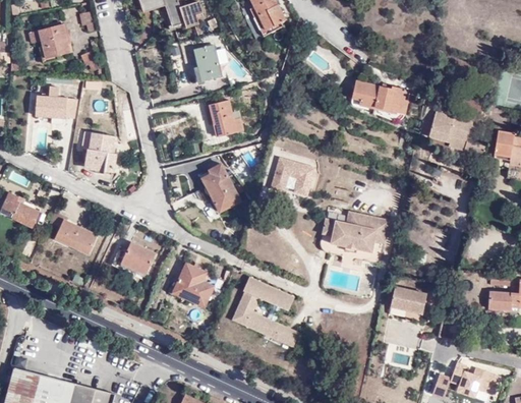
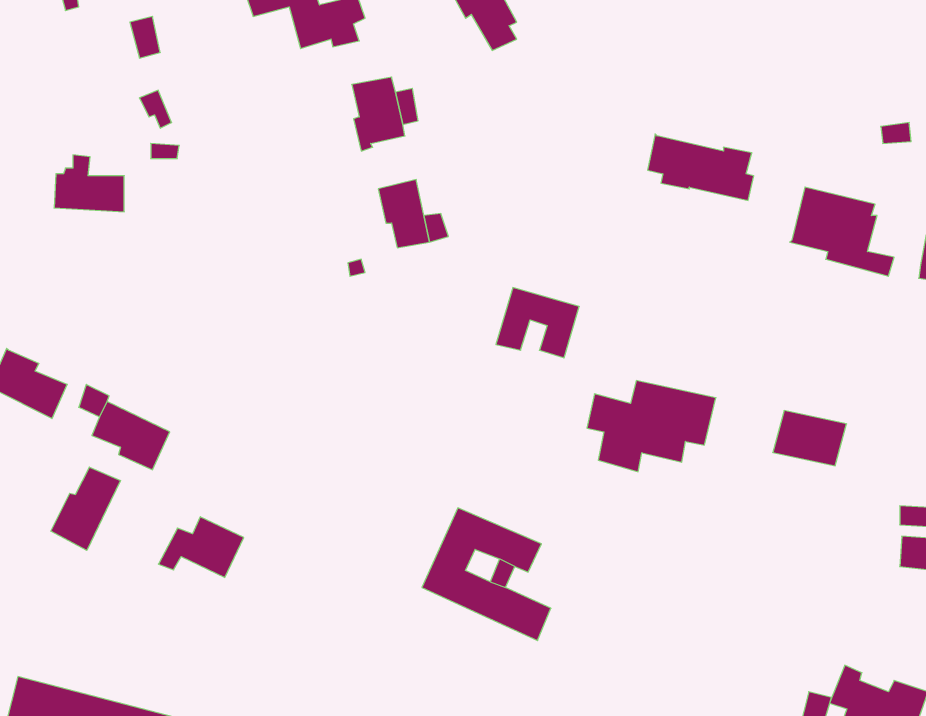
building: [25,25,66,58] -> none
building: [81,131,117,173] -> none
building: [199,164,238,212] -> none
building: [110,240,156,273] -> [158,517,244,577]
building: none -> [51,467,121,550]
building: [171,264,210,307] -> none
building: [390,285,429,314] -> [773,411,847,466]

